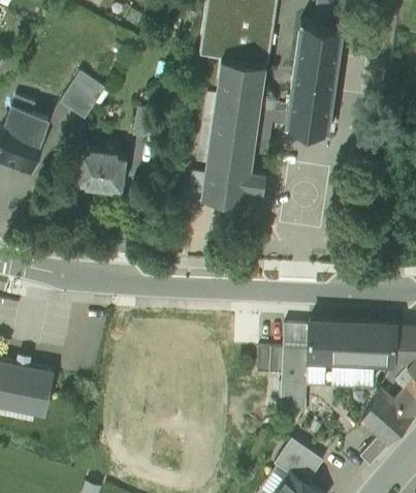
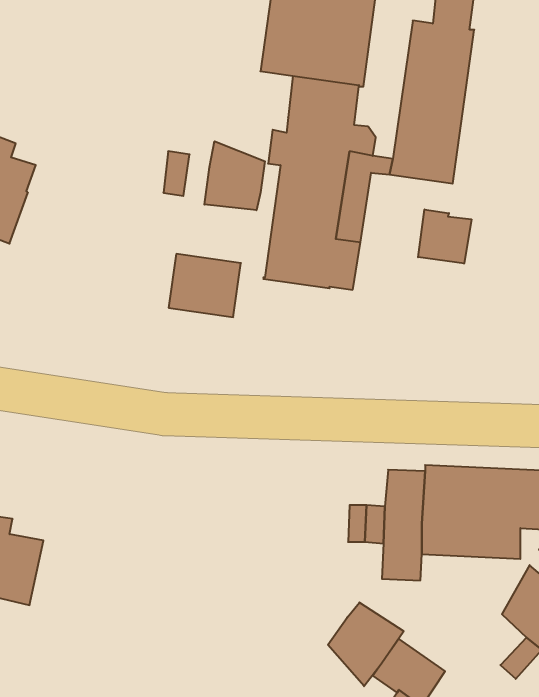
building: [60,74,106,122] -> none
building: none -> [204,141,265,210]
building: none -> [418,209,471,264]
building: [77,151,126,193] -> [169,254,241,317]
building: none -> [328,602,404,686]

